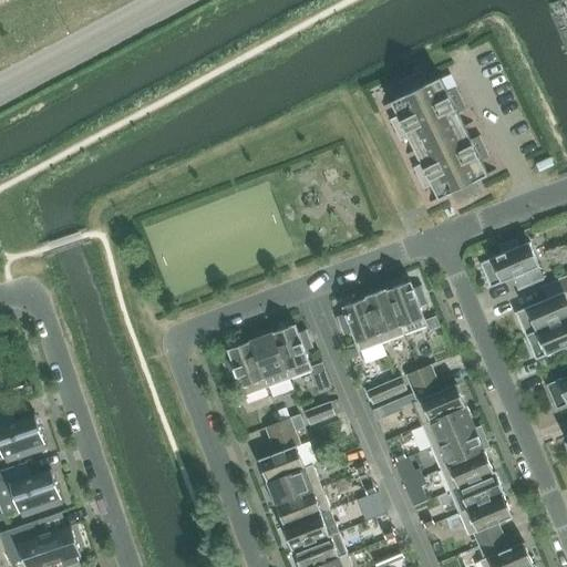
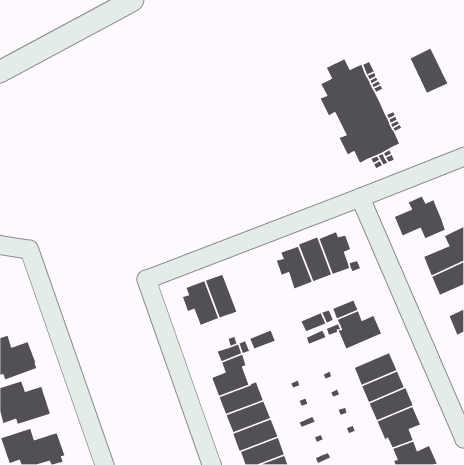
building: none -> [409,47,448,94]
building: [271,324,312,380] -> none
building: [421,406,474,447] -> none

